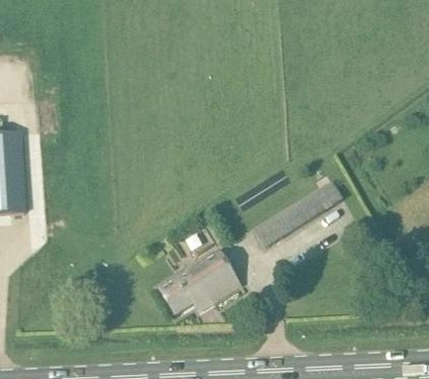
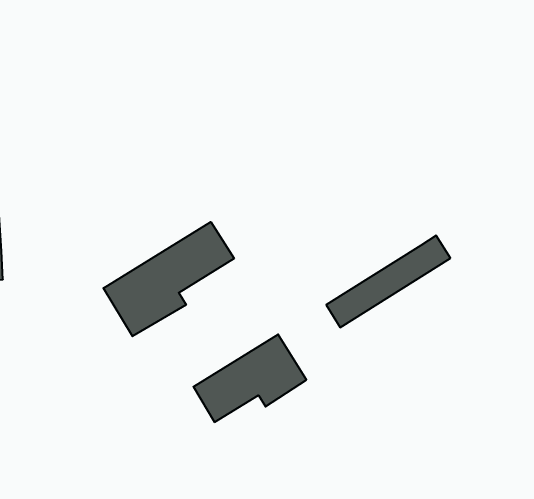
building: none -> [103,222,234,336]

